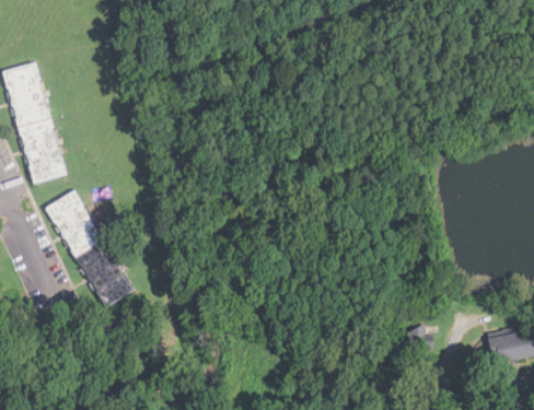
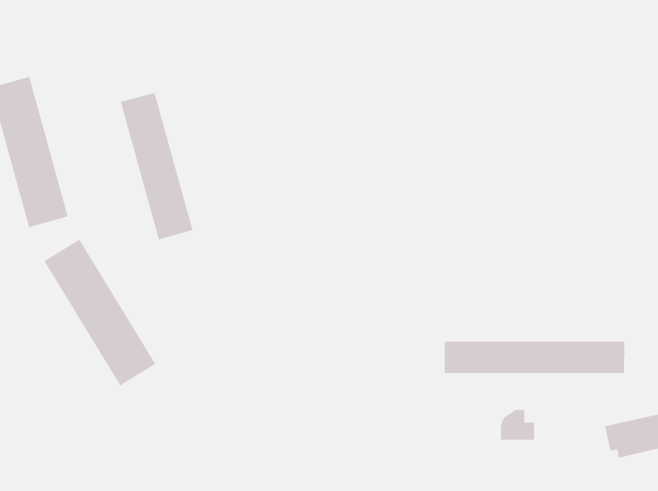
building: none -> [120,92,193,240]
building: none -> [444,341,625,374]

